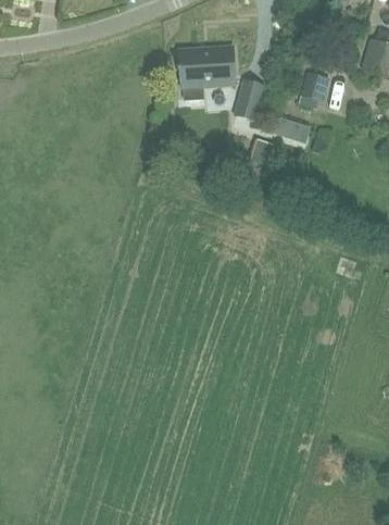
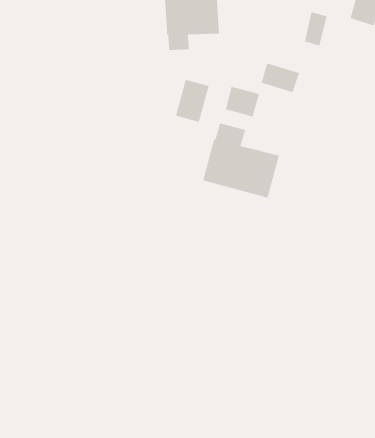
building: [231,79,265,122] -> [175,79,210,123]
building: none -> [202,123,279,199]

